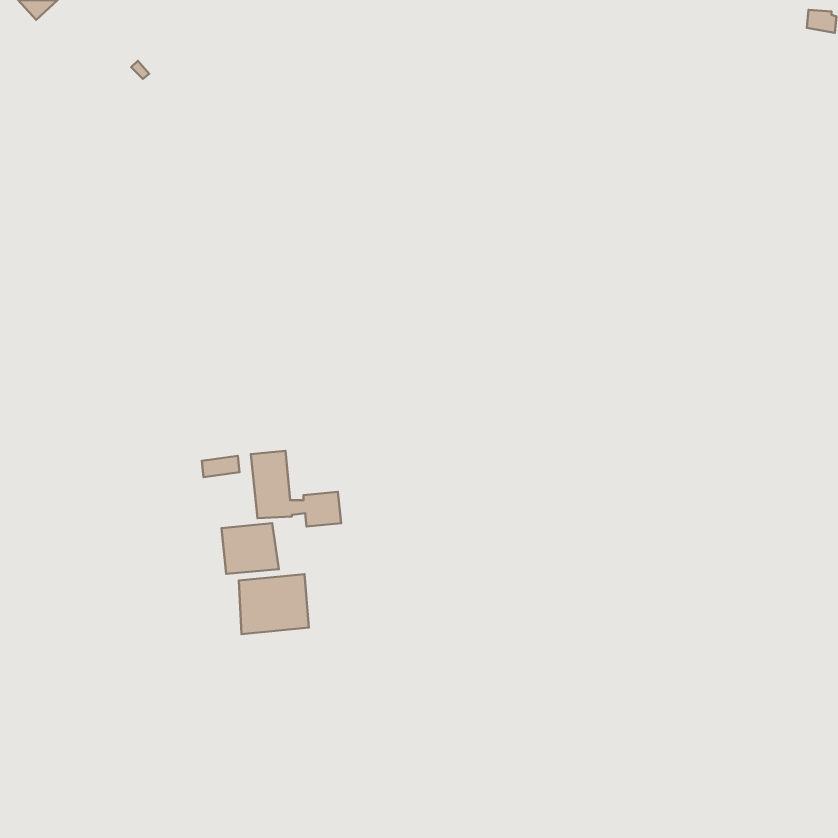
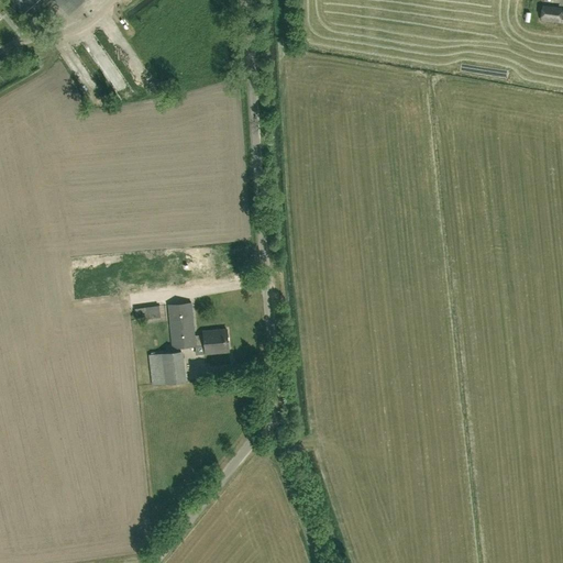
building: [239,574,309,634] -> none

